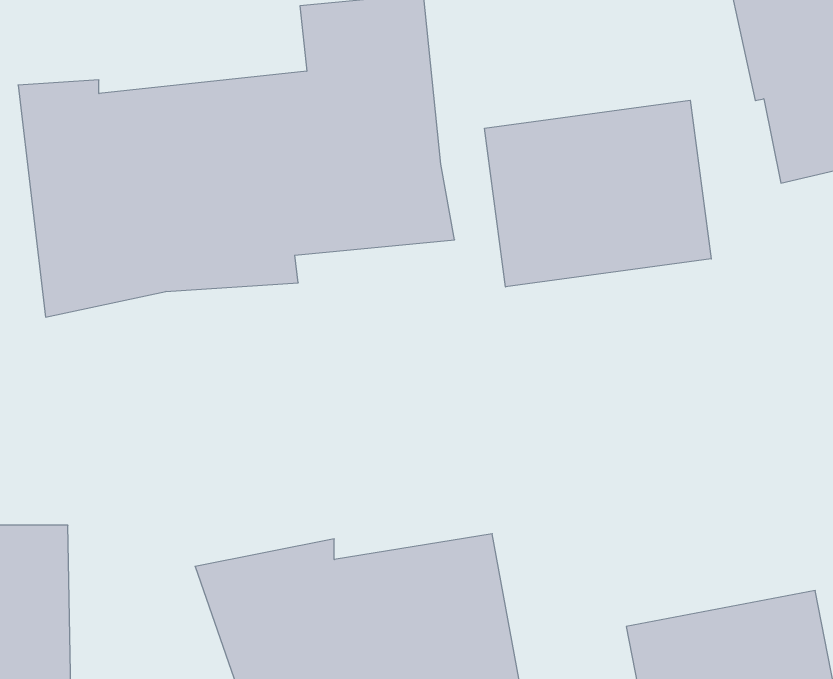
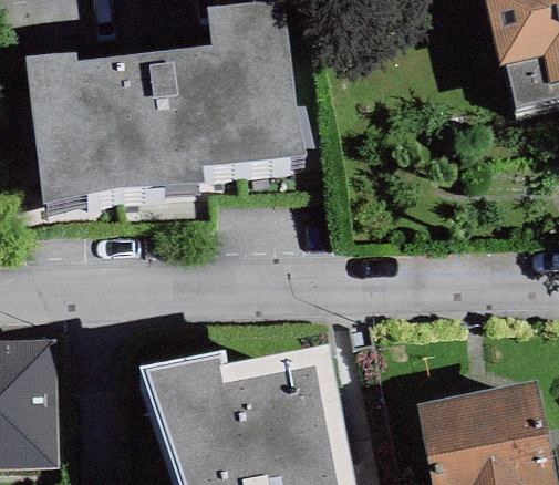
building: [485,100,711,287] -> none

